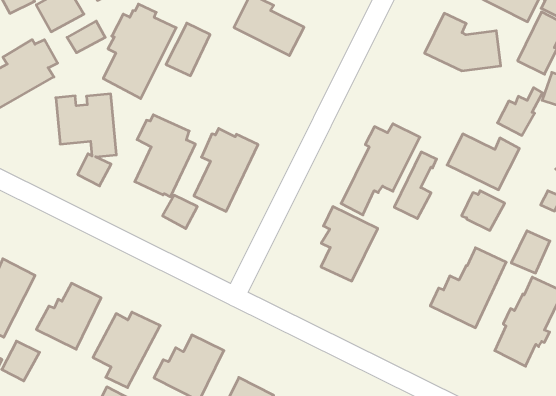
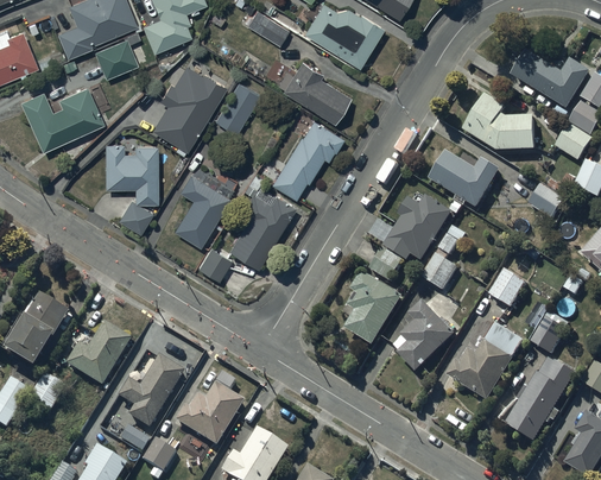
building: [67,21,105,53] -> none
building: none -> [271,119,343,197]
building: [447,134,519,190] -> [430,151,501,208]
building: none -> [394,301,458,372]

